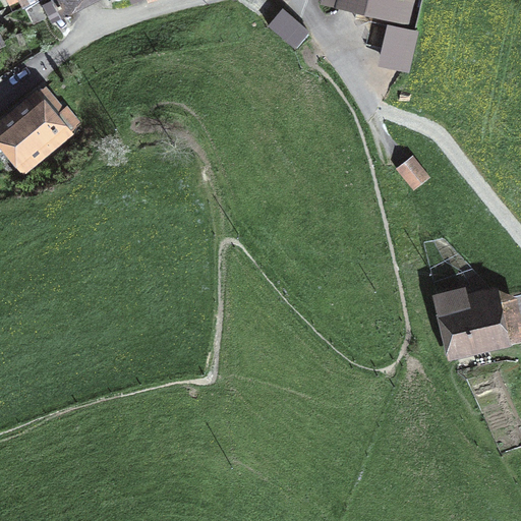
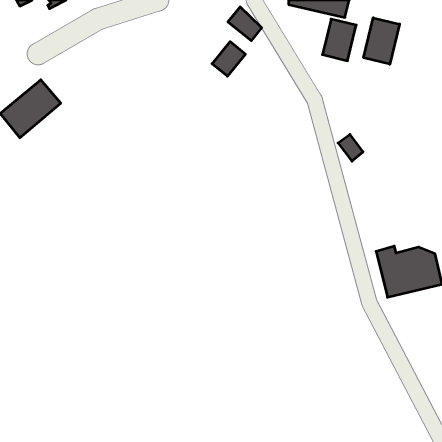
building: none -> [364,18,400,64]
building: none -> [212,42,245,76]

